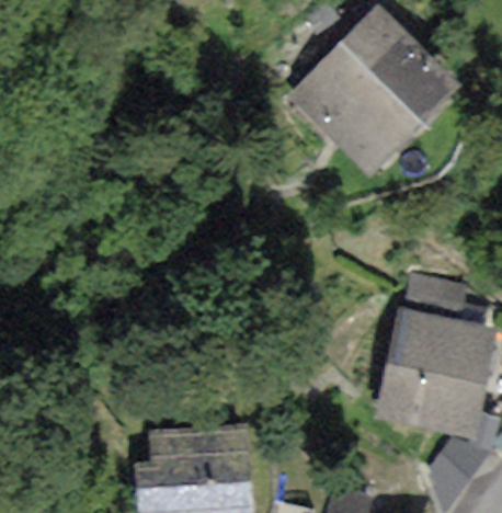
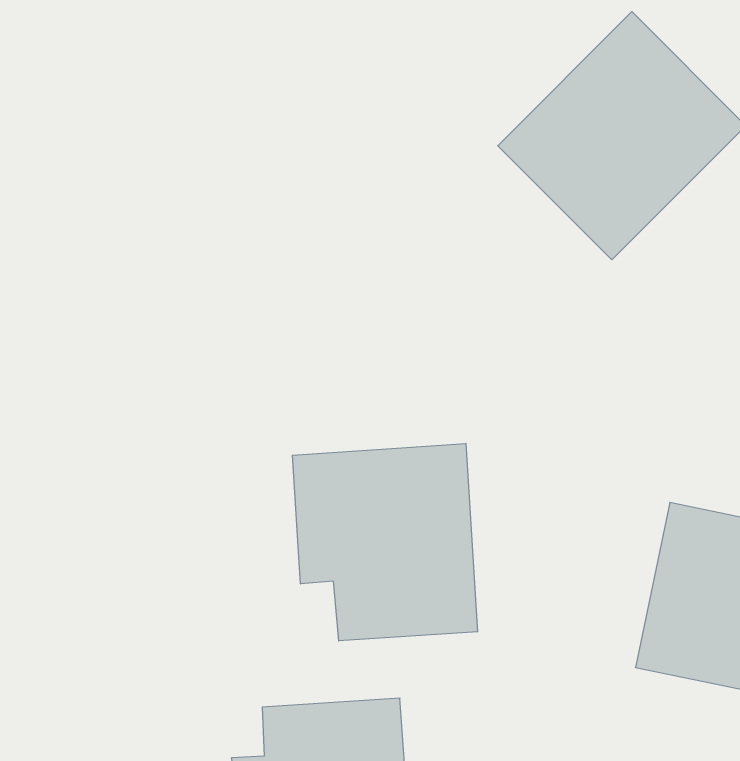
building: none -> [292,443,478,641]

